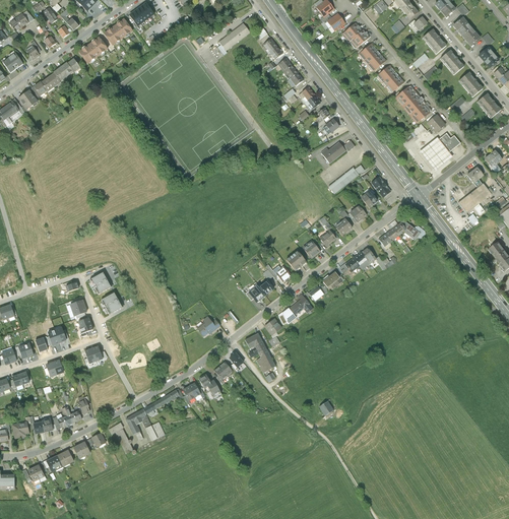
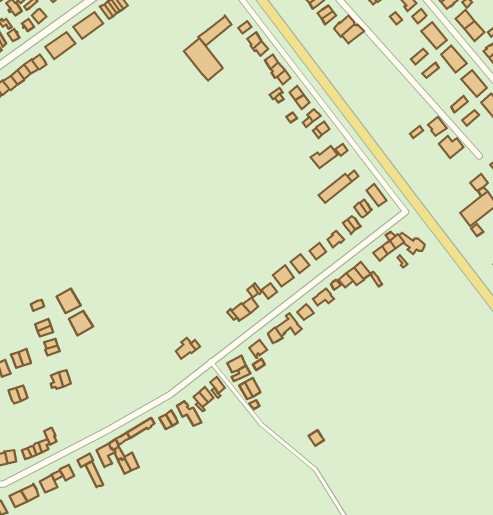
building: [360,43,386,70] -> none
building: none -> [184,38,222,81]
building: [378,65,404,91] -> none
building: [396,86,430,122] -> none
building: [419,136,452,171] -> none

